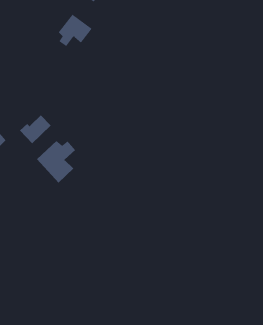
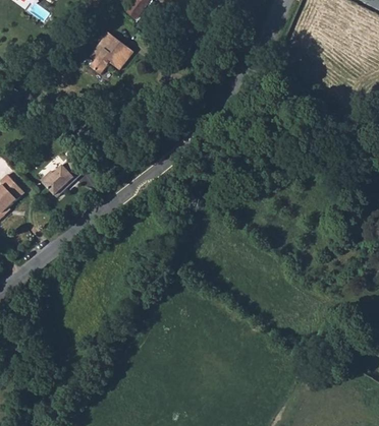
building: [36,140,76,183] -> none

